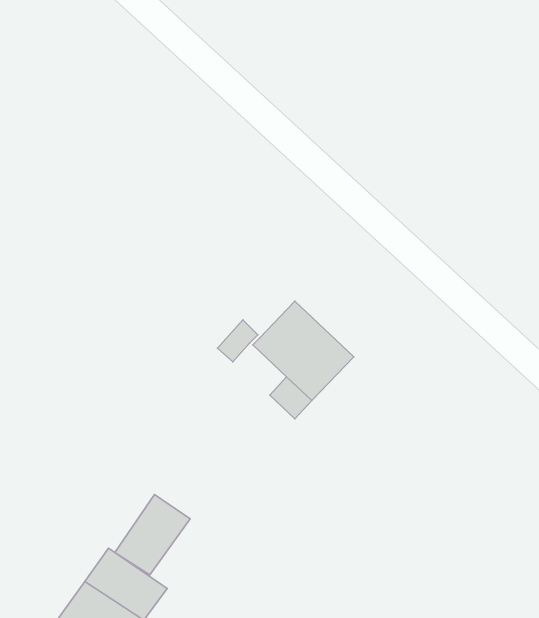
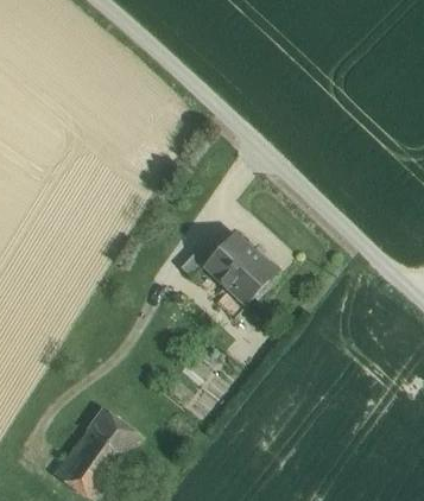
building: [115,495,190,575] -> none

